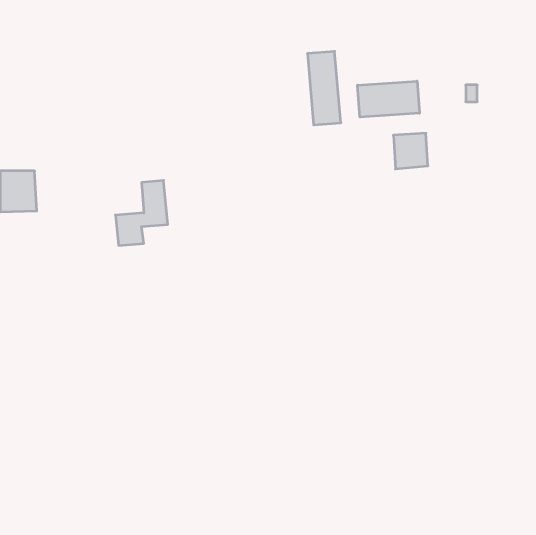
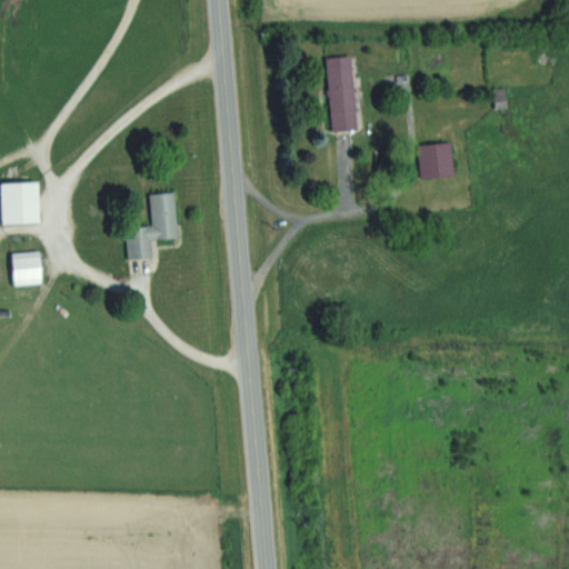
building: [358,81,419,117] -> none
building: none -> [10,252,41,286]

